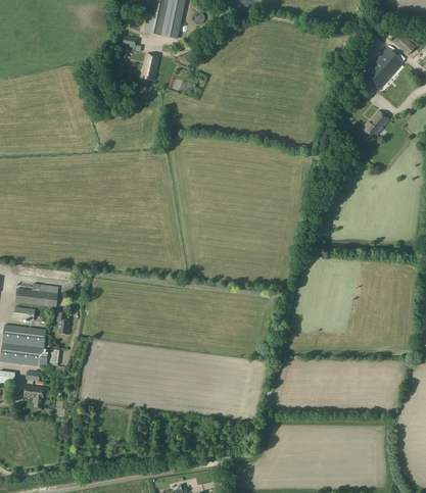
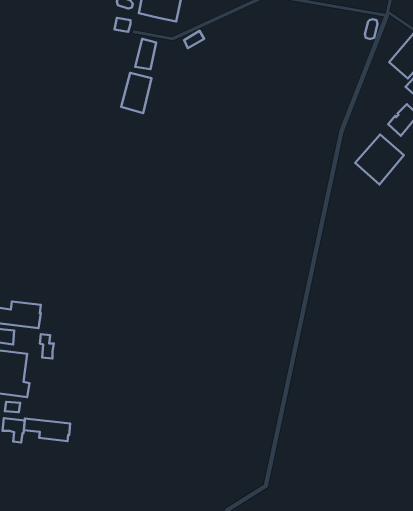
building: none -> [121,73,151,113]
building: none -> [355,135,404,185]
building: none -> [24,418,70,441]

